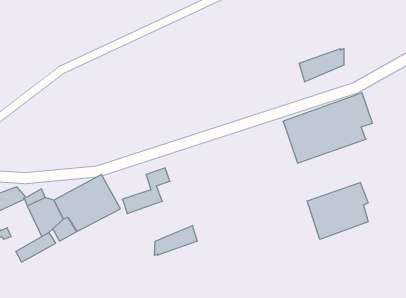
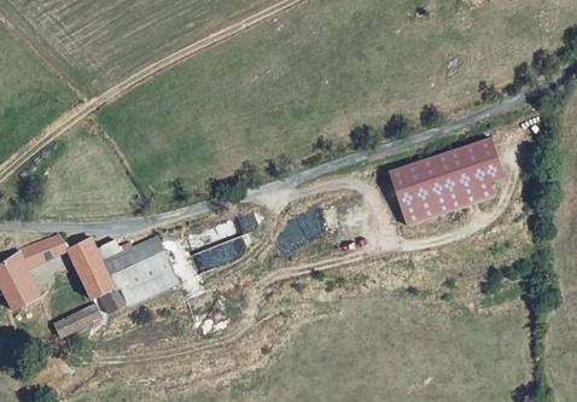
building: [299,49,344,82] -> none
building: [307,182,368,239] -> none
building: [154,225,197,255] -> none

